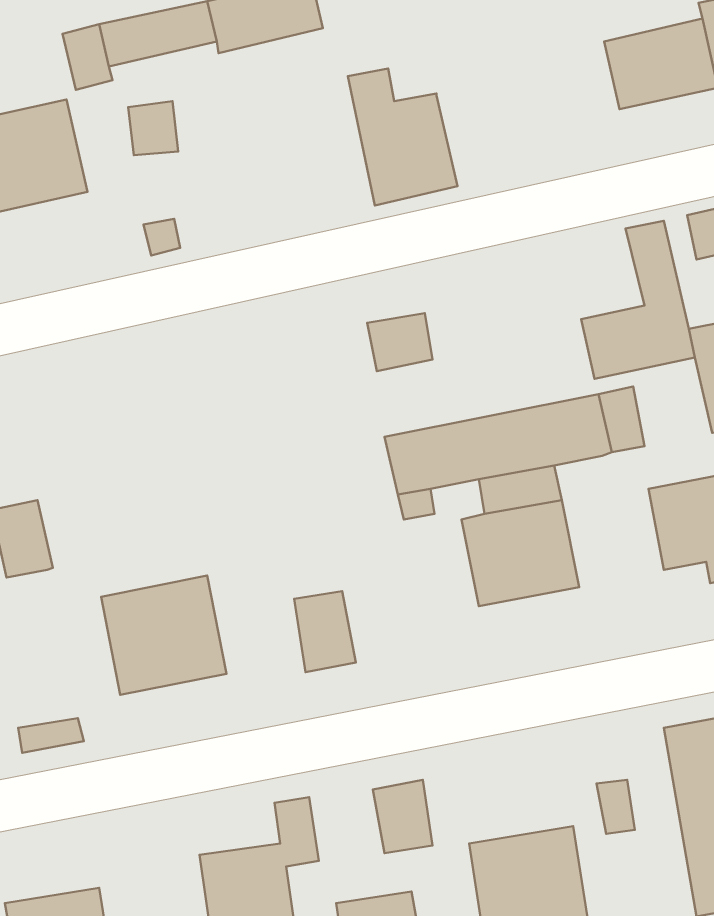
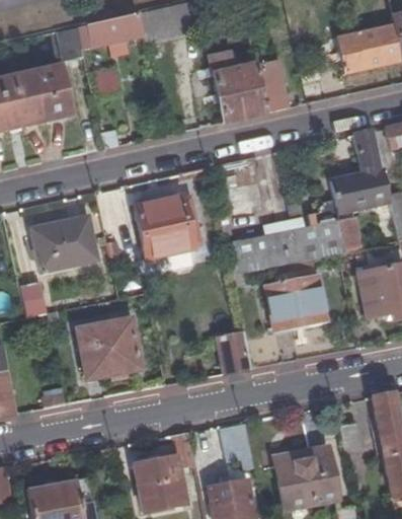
building: none -> [253,59,288,112]
building: none -> [134,194,200,258]
building: none -> [31,217,98,272]
building: [294,591,356,672] -> [219,331,251,374]

